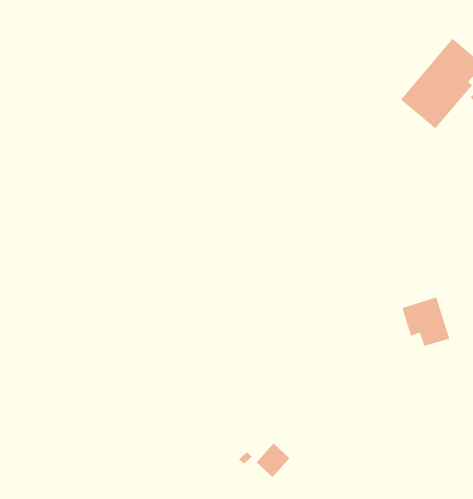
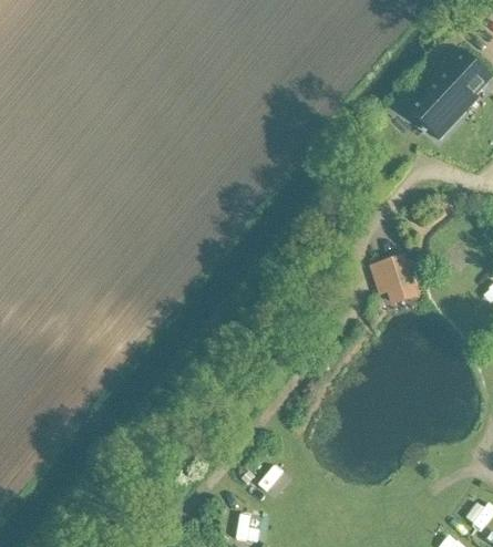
building: [402,297,450,346] -> [370,254,419,303]

